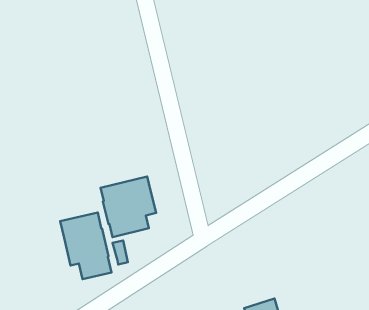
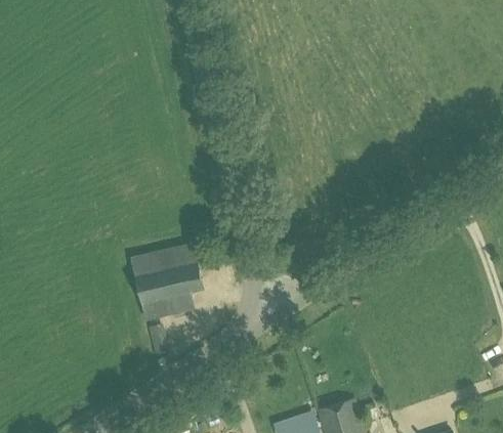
building: [60,212,111,279] -> none

